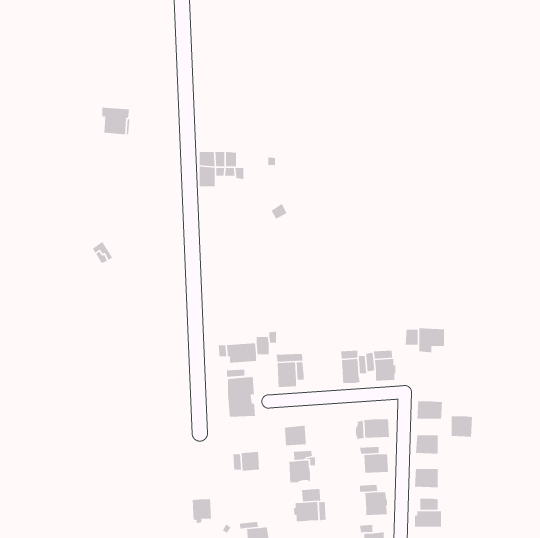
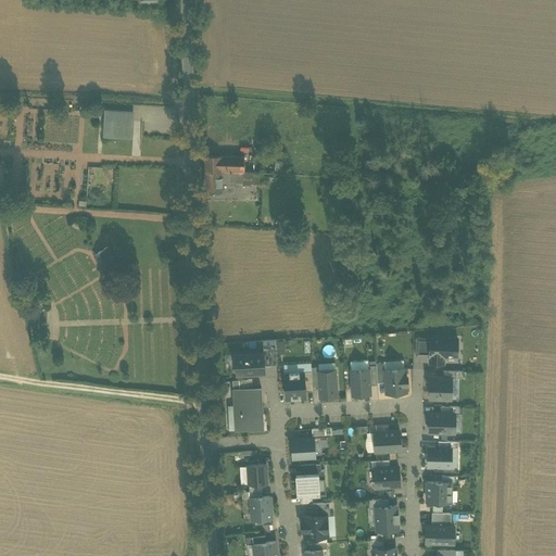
building: none -> [318,371,337,399]
building: [451,415,473,438] -> [429,378,452,401]
building: [192,498,212,524] -> [251,498,271,525]

